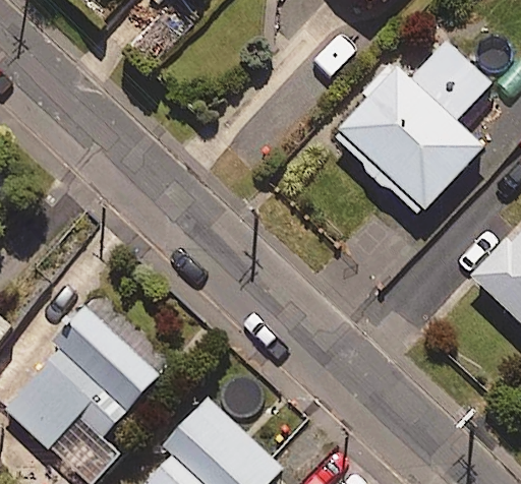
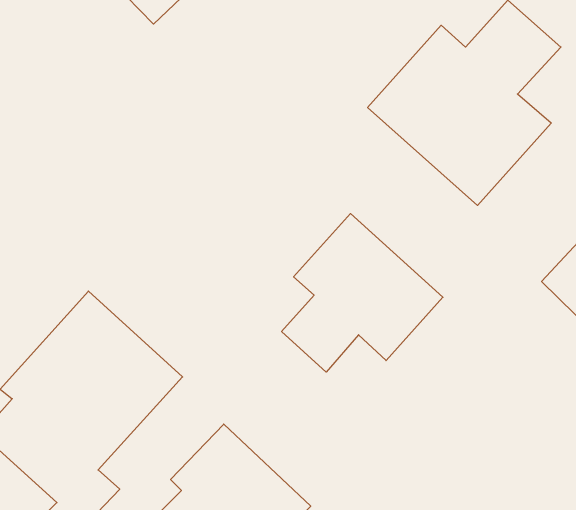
building: none -> [282,214,443,372]

